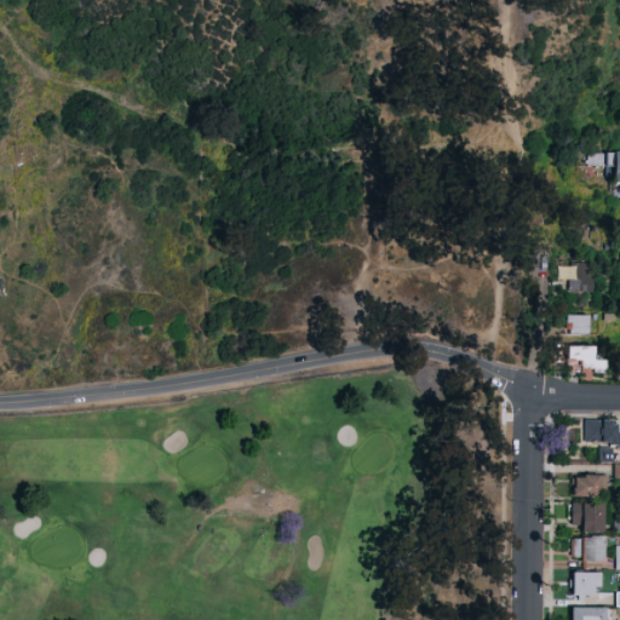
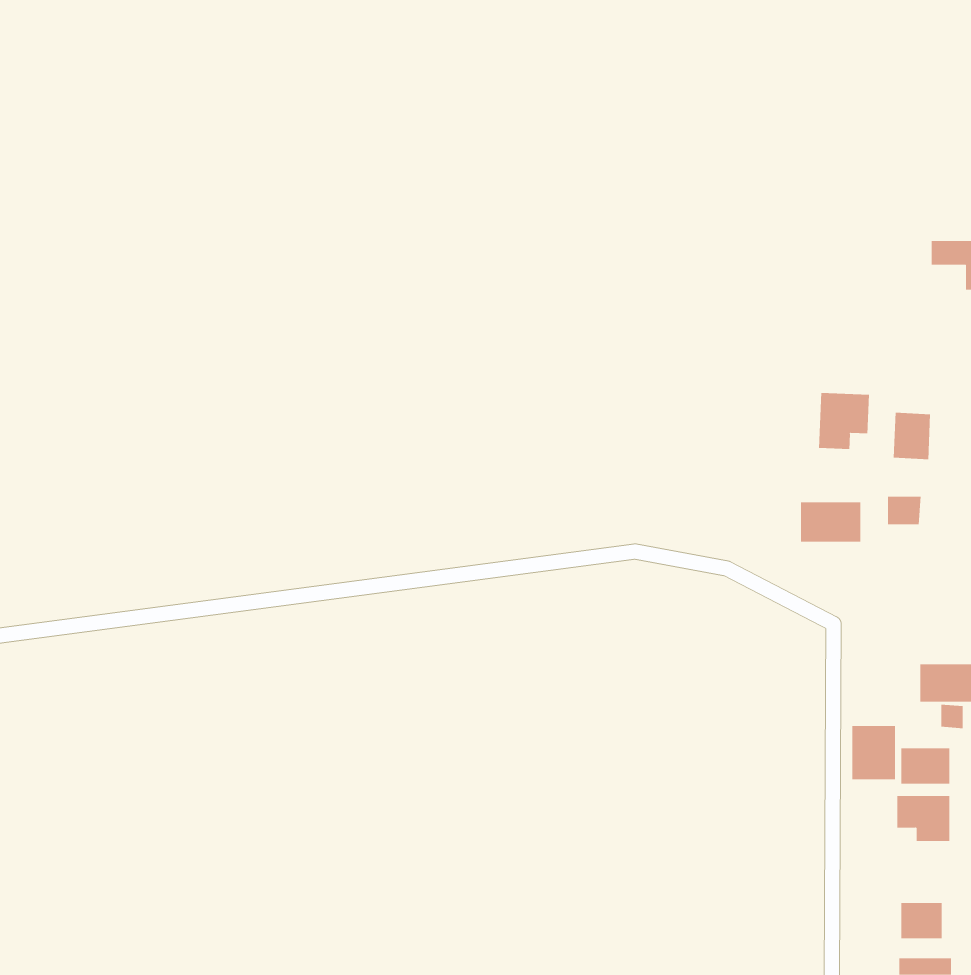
building: none -> [818,392,869,450]
building: [568,348,607,373] -> [800,502,861,542]
building: none -> [852,725,895,780]
building: [575,538,605,562] -> none

